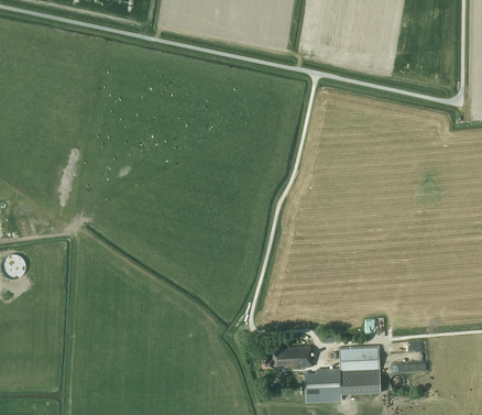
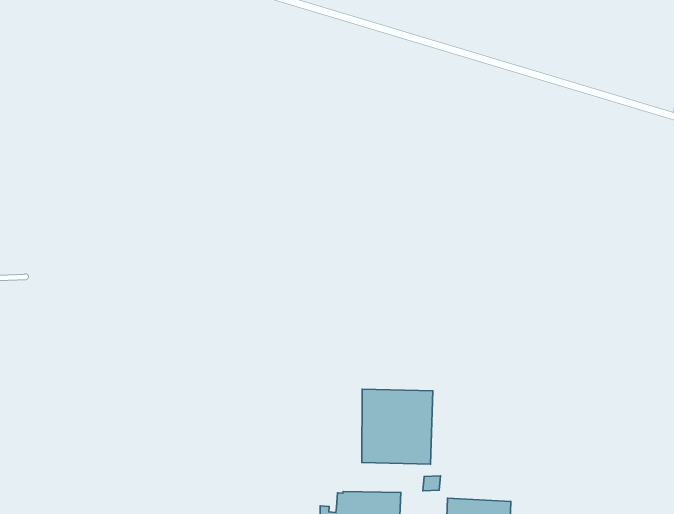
building: none -> [362,389,433,464]

